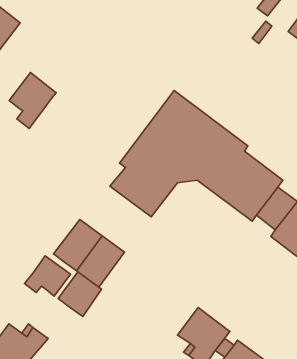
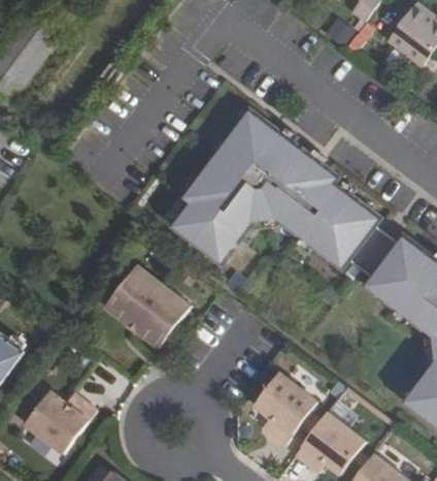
building: [9,73,56,129] -> none
building: [24,256,70,296] -> none
building: [58,272,101,317] -> none

